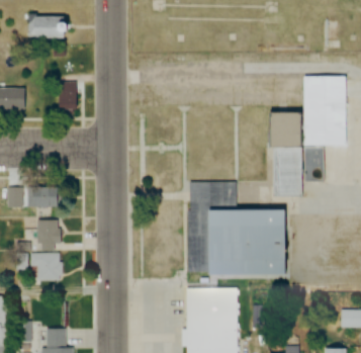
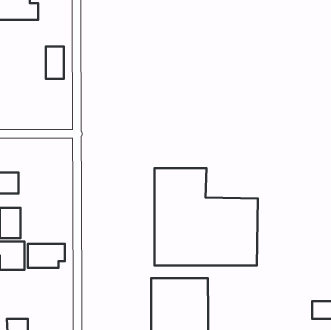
building: [265,77,343,195] -> none
building: [57,81,74,112] -> [46,47,64,79]
building: none -> [28,244,65,268]

